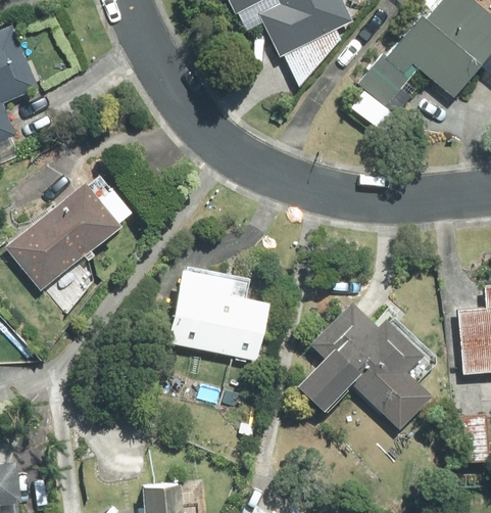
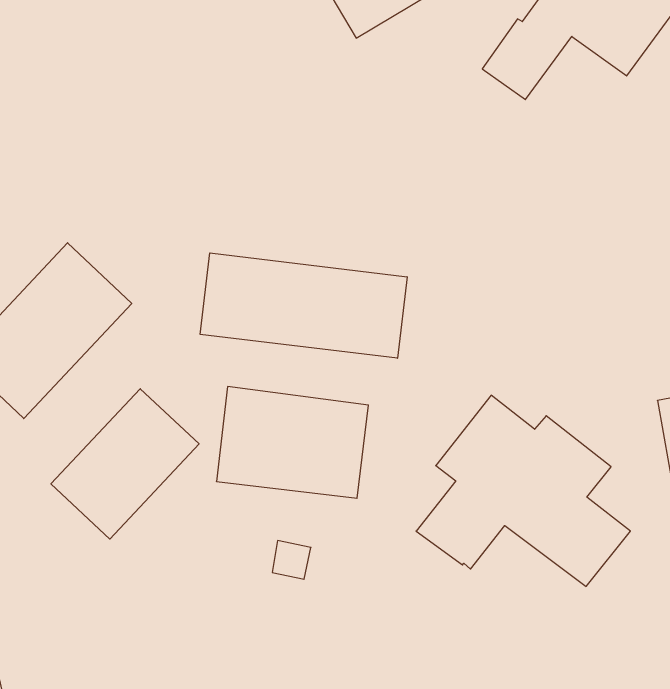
building: none -> [200,253,407,358]
building: none -> [51,389,199,539]

